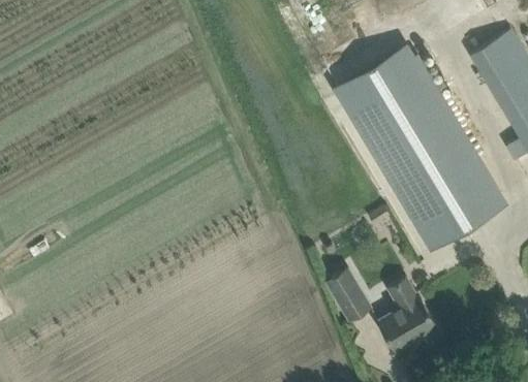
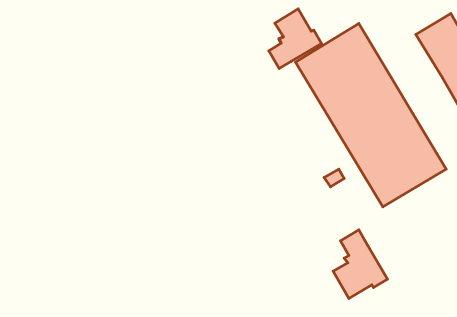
building: none -> [269,9,321,69]
building: [325,268,372,323] -> none

